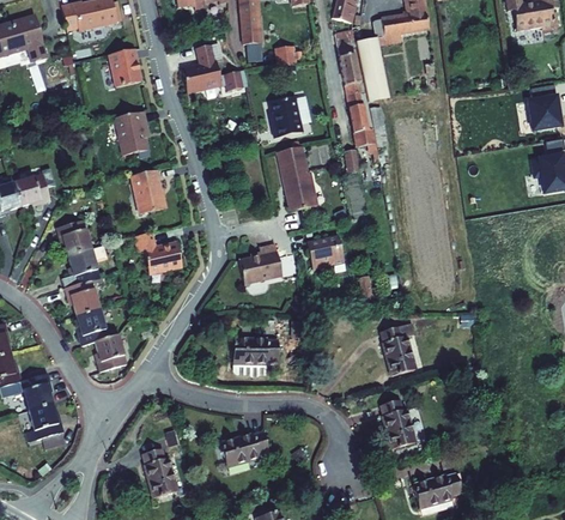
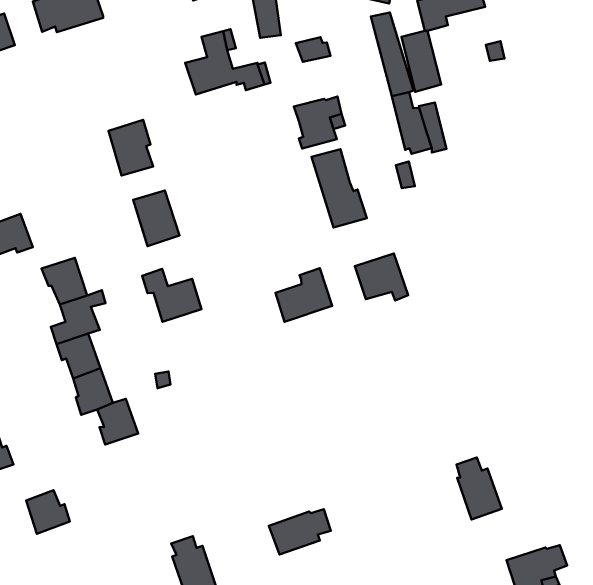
building: [108,47,141,85] -> none
building: [384,329,418,379] -> none
building: [232,337,280,363] -> none
building: [22,376,53,413] -> none

